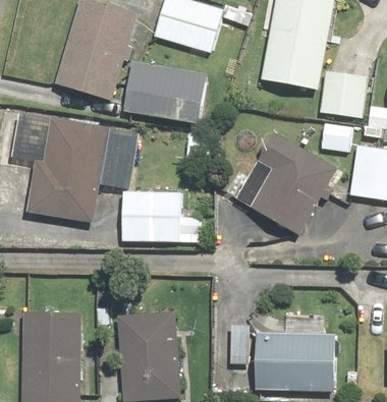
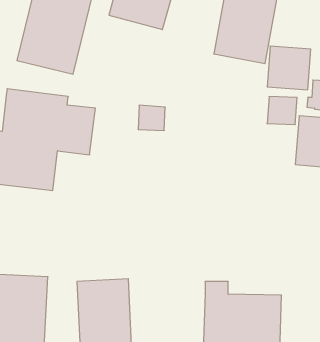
building: [121,59,206,123] -> none
building: [244,133,338,234] -> none
building: [116,185,209,247] -> none

